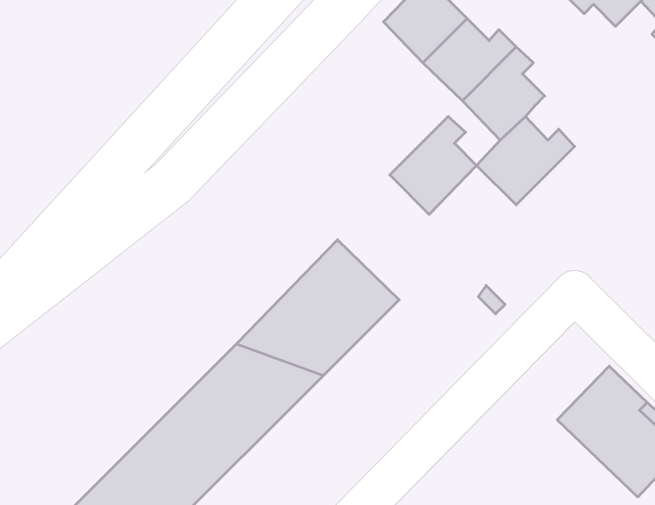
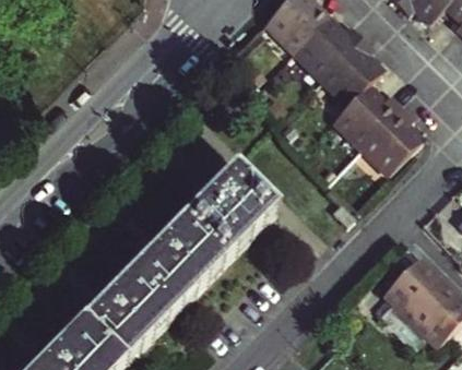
building: [390,116,477,214] -> [357,108,417,176]

